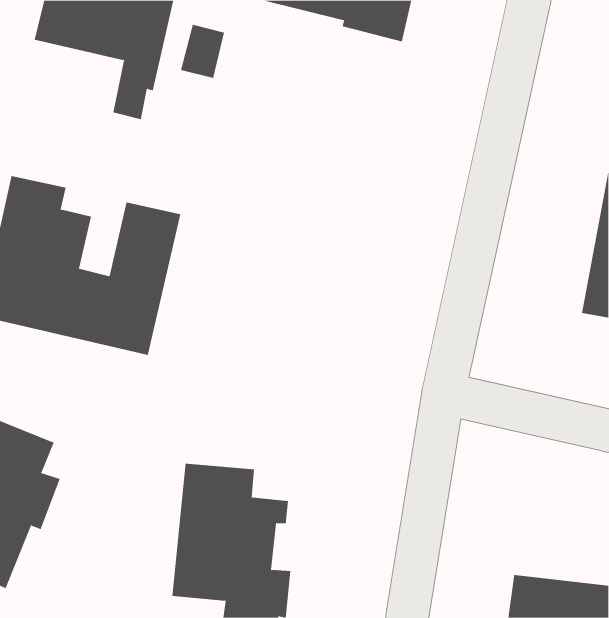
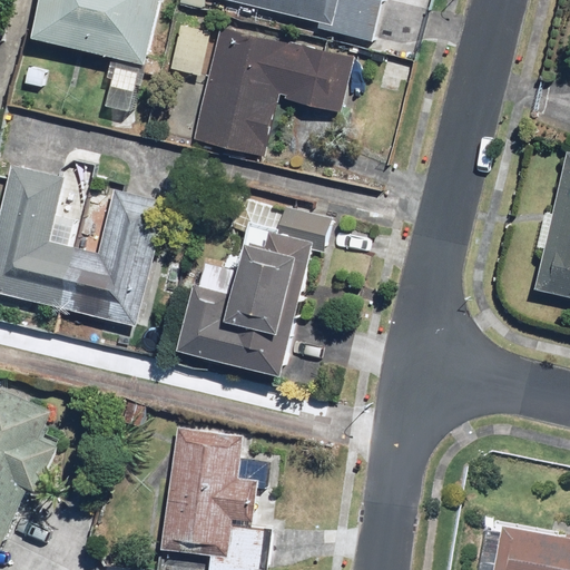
building: none -> [190,22,351,158]
building: none -> [176,206,328,377]

